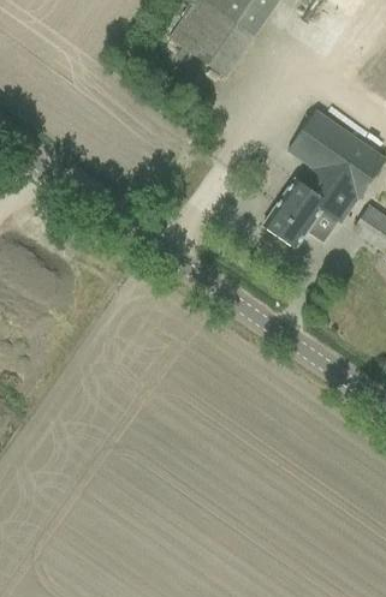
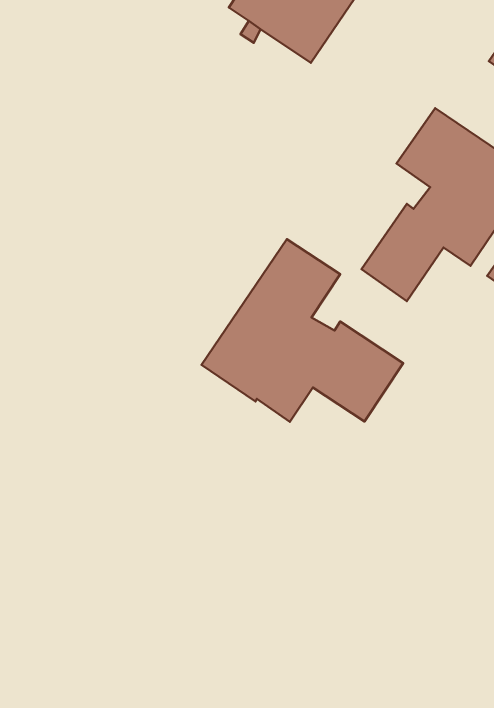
building: none -> [202,239,403,422]

